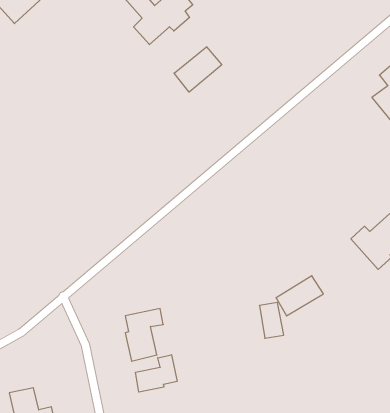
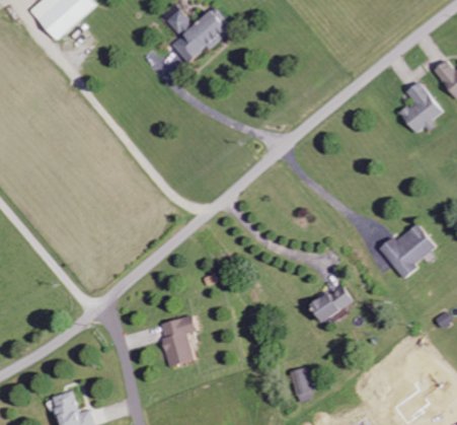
building: [174,47,222,92] -> none
building: [259,302,284,338] -> [290,367,313,402]
building: [136,355,177,392] -> none

